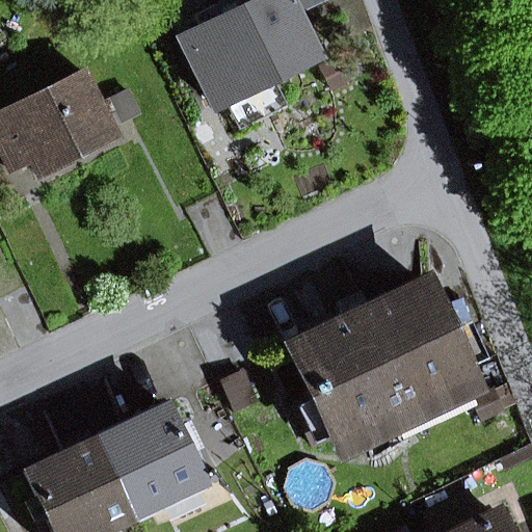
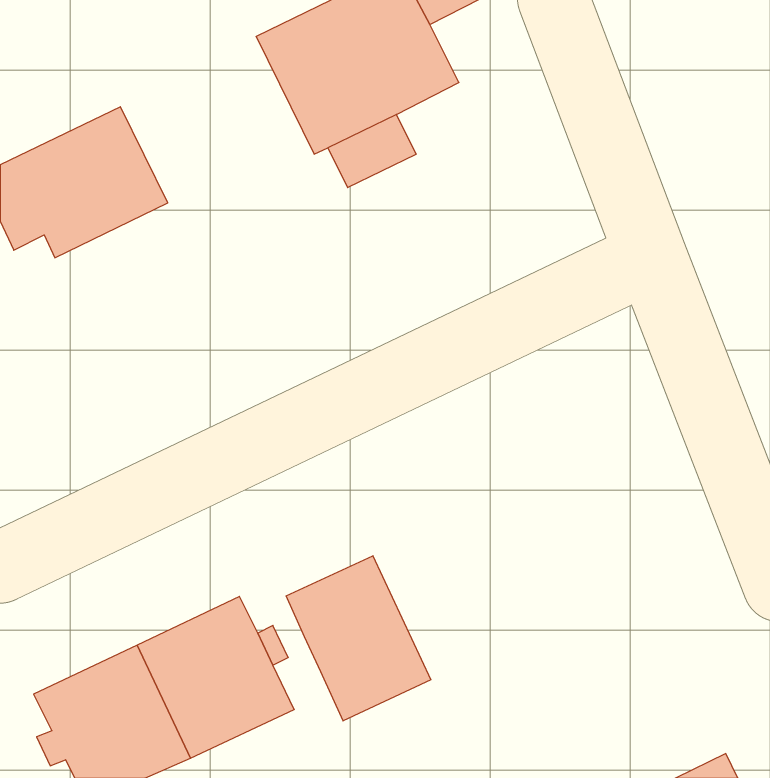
building: [294,282,476,446] -> none
building: none -> [286,556,431,721]

